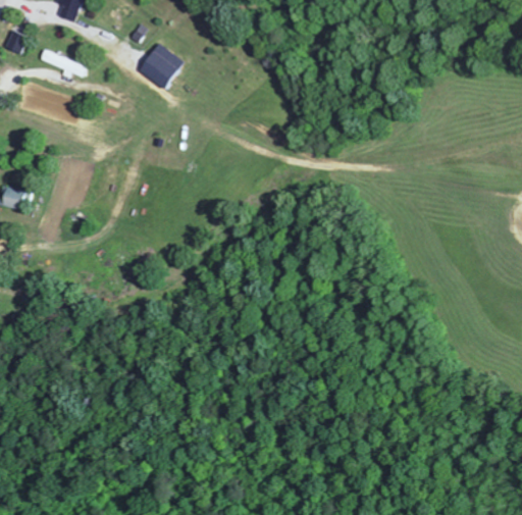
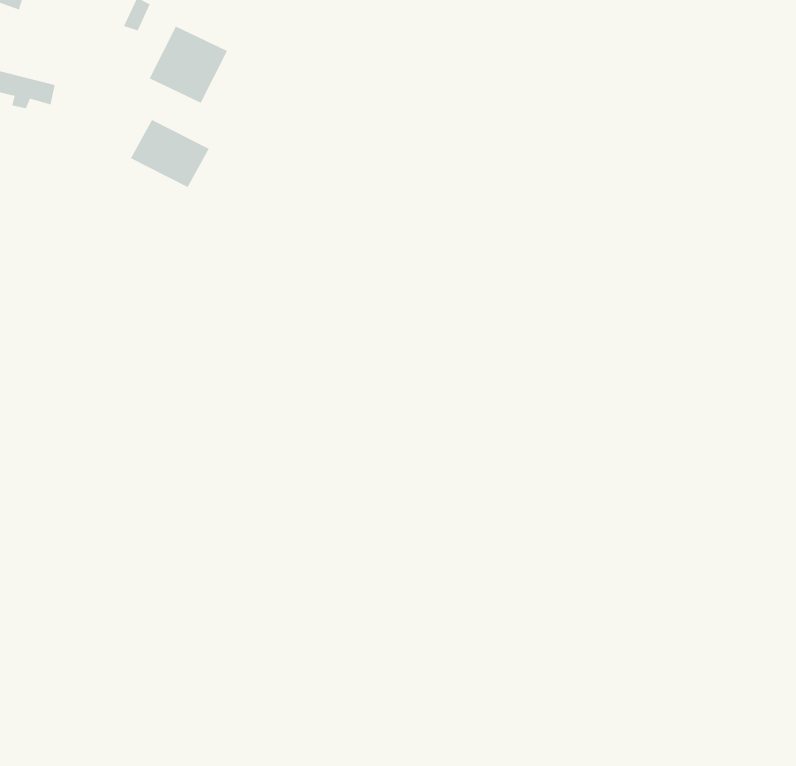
building: none -> [130,119,210,188]

